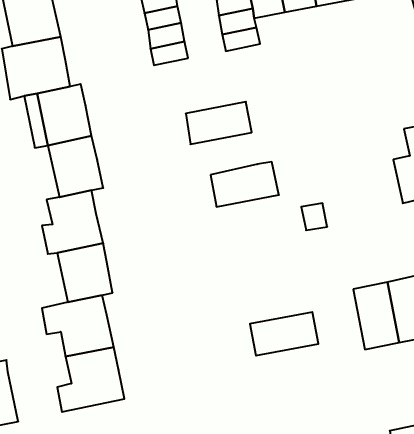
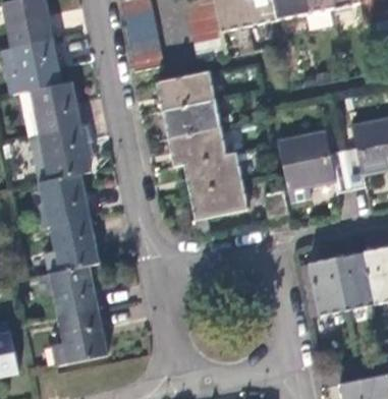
building: none -> [157,71,214,110]
building: none -> [166,126,224,165]
building: none -> [277,129,349,190]
building: [250,312,318,356] -> [188,180,247,218]

